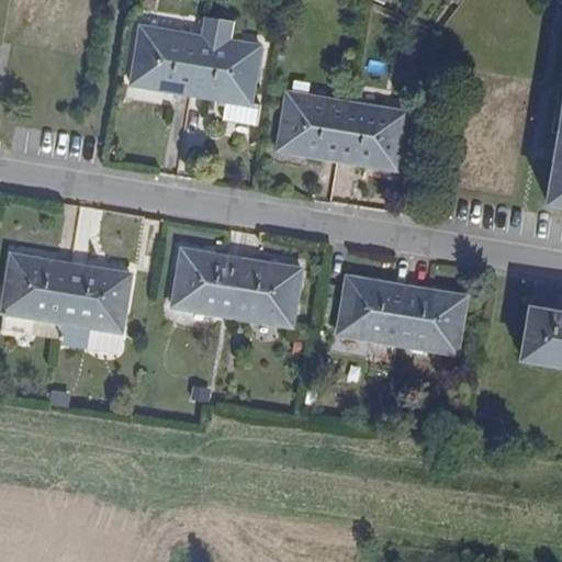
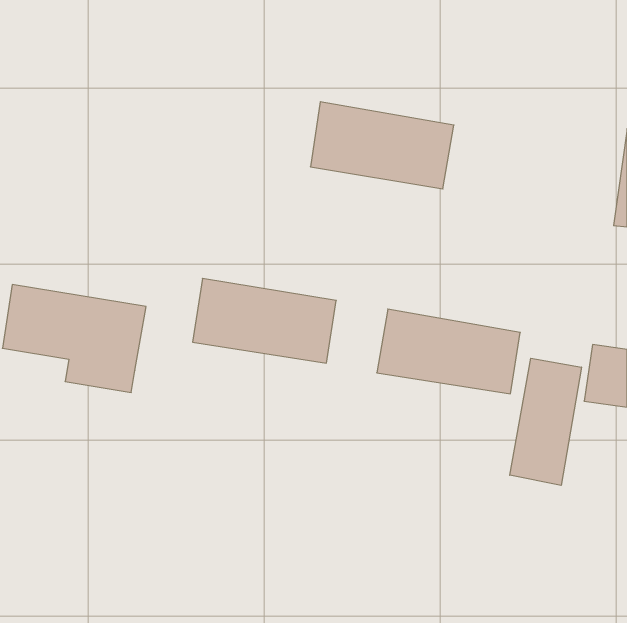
building: [132,16,261,124] -> none
building: none -> [510,358,581,485]

